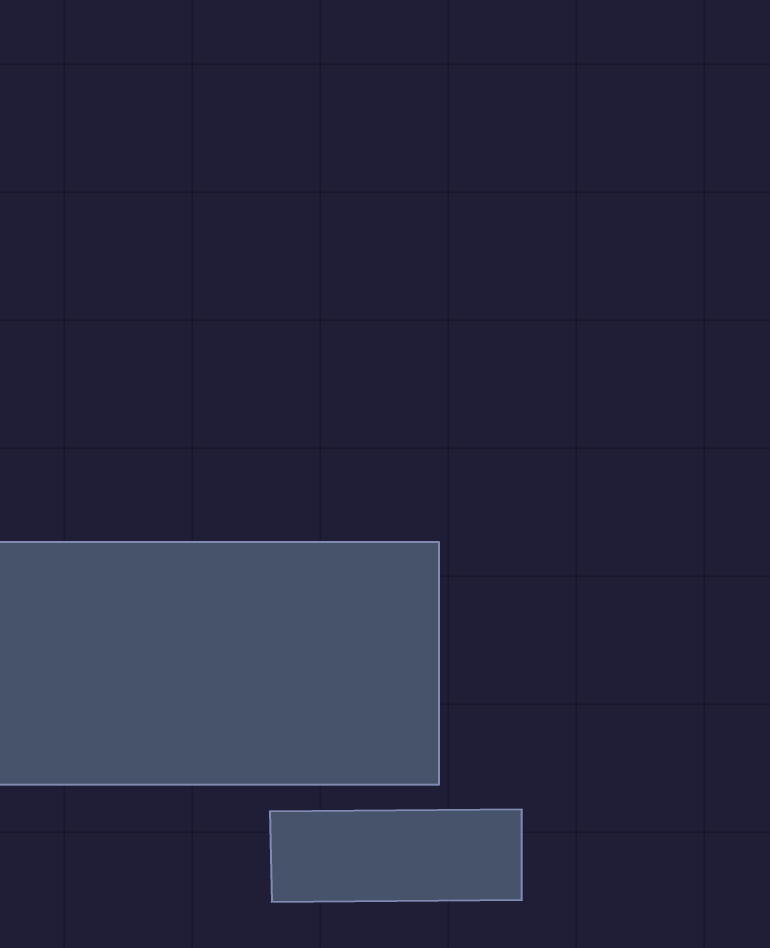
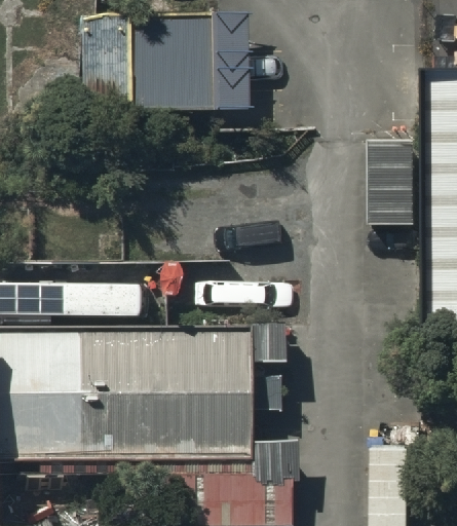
building: none -> [82,22,211,112]

